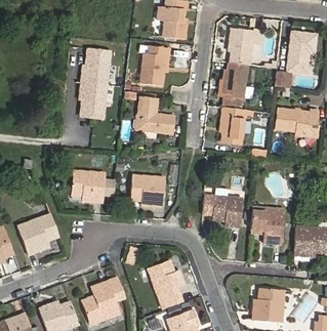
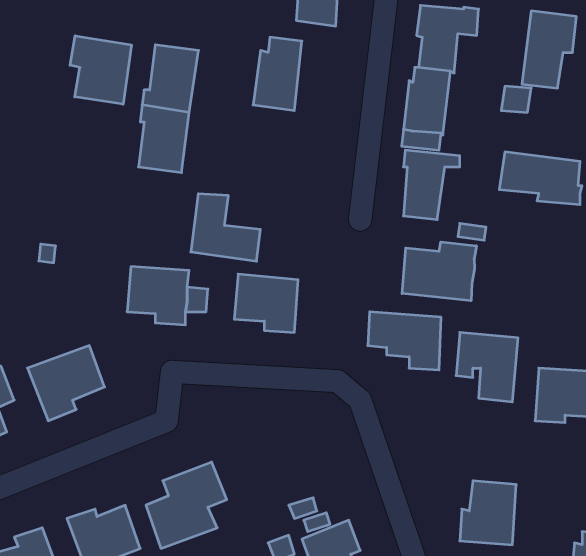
building: none -> [70,36,131,104]
building: [136,96,174,133] -> [191,194,260,261]
building: none -> [402,242,476,301]
building: [147,259,185,295] -> none

